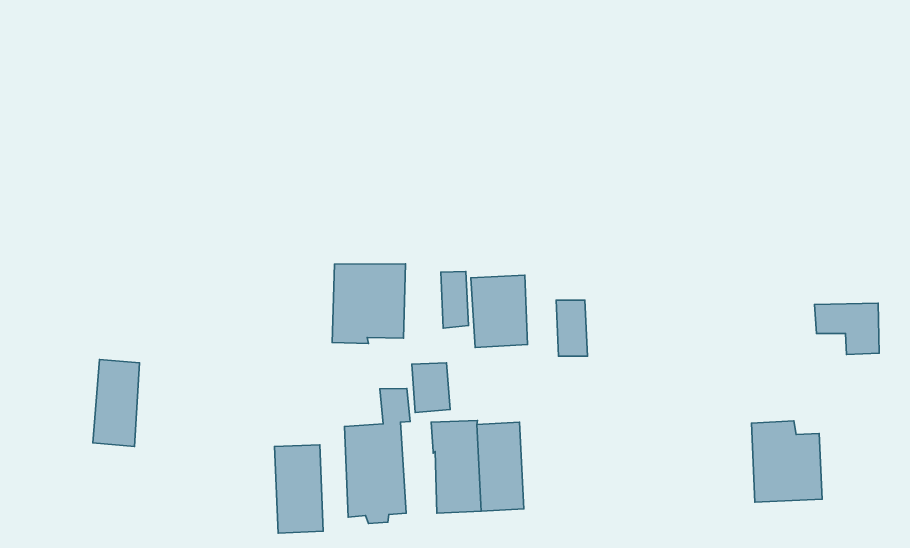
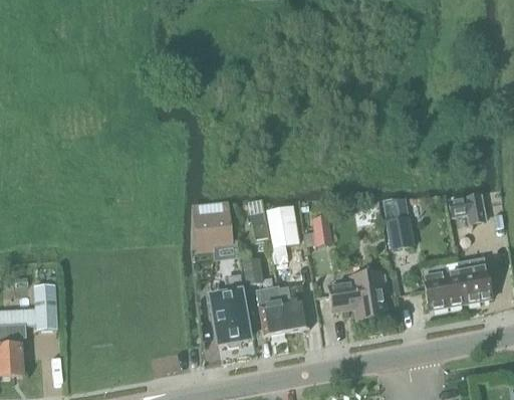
building: none -> [380,196,414,249]
building: [93,360,139,446] -> [33,283,57,329]
building: none -> [457,256,490,303]
building: none -> [326,271,384,320]
building: [275,445,323,533] -> none

